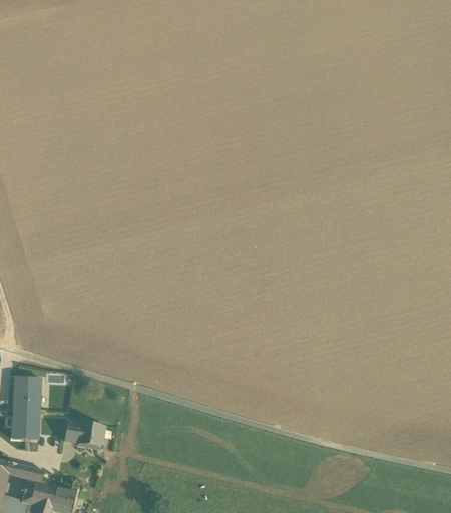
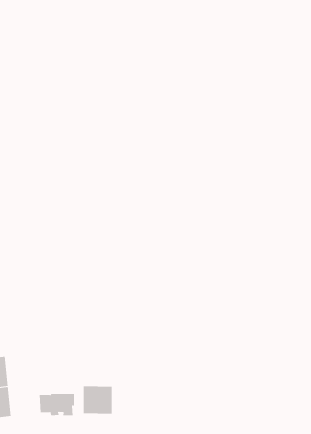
building: none -> [83,386,112,414]

